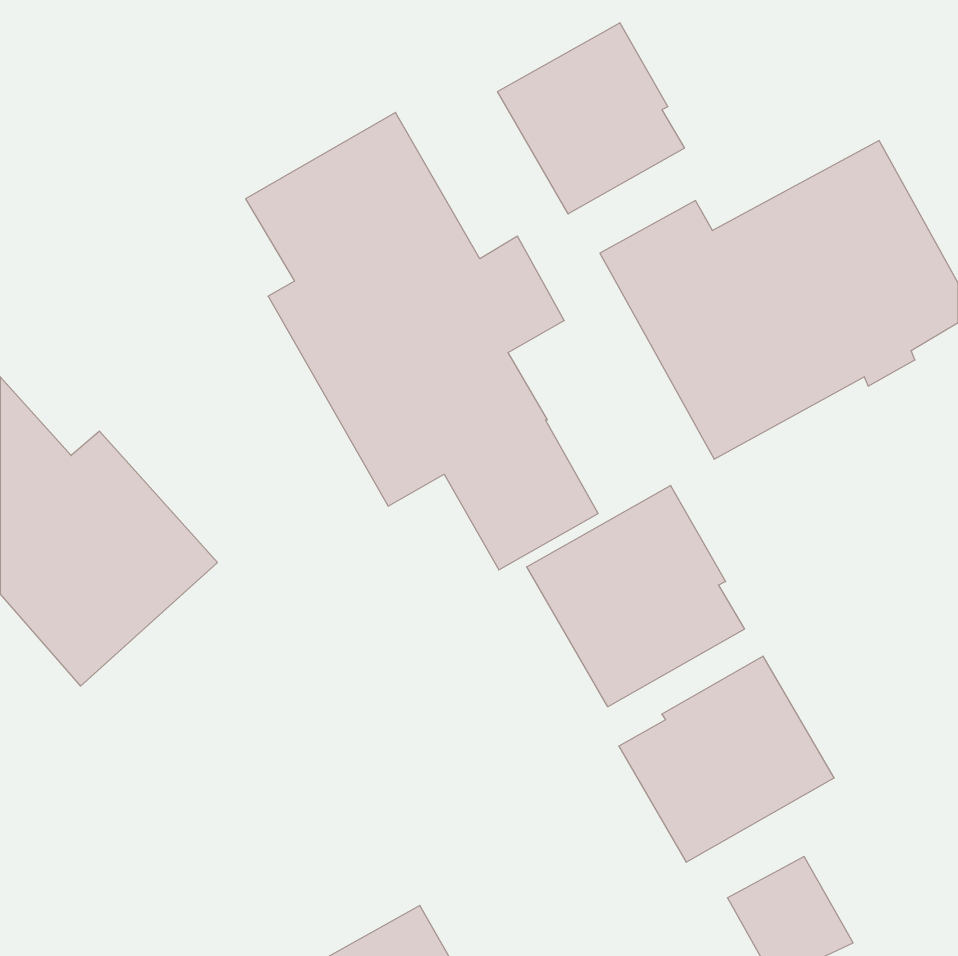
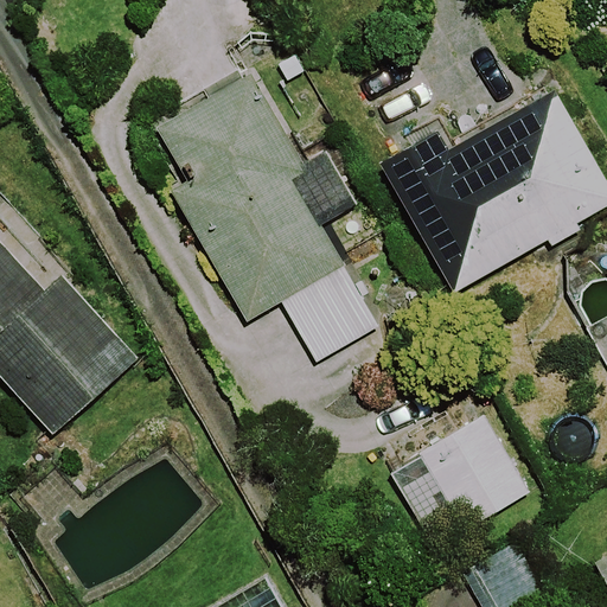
building: [498,23,684,214] -> none
building: [527,485,744,707] -> none

